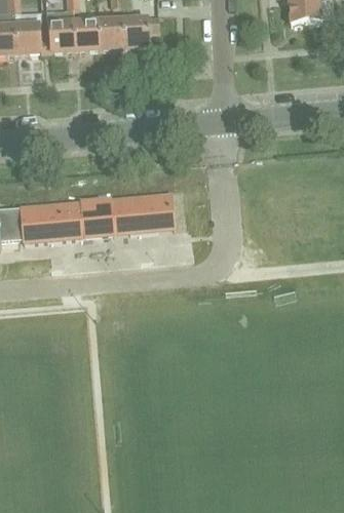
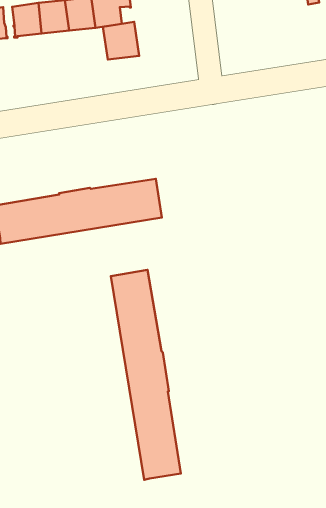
building: none -> [103,22,139,59]
building: none -> [111,270,181,480]

